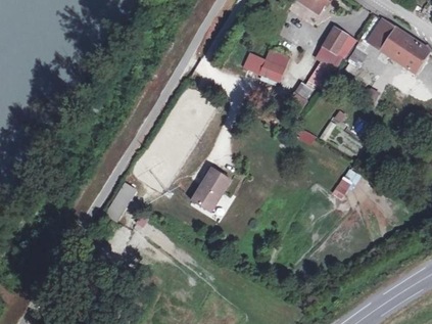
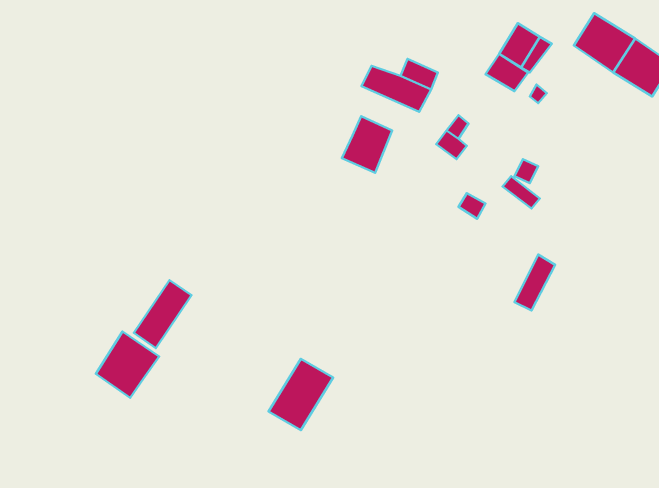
building: none -> [342,116,392,173]
building: [192,170,231,213] -> [268,359,333,430]
building: none -> [96,332,159,398]

